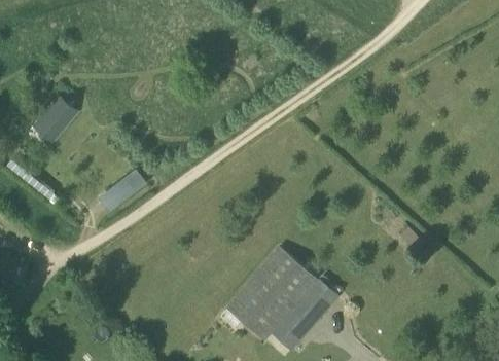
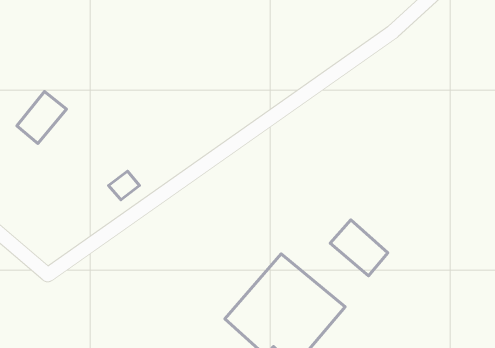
building: none -> [330,220,388,276]

